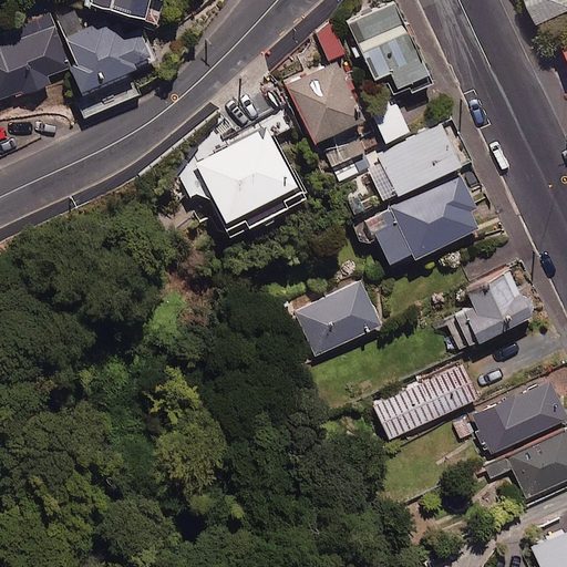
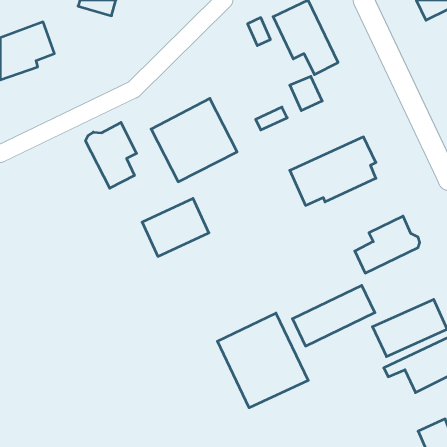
building: [65,19,154,95] -> none
building: [285,61,361,141] -> none
building: [378,124,458,194] -> none
building: none -> [86,122,137,188]
building: [296,280,380,353] -> [142,198,209,256]
building: none -> [217,313,308,408]

